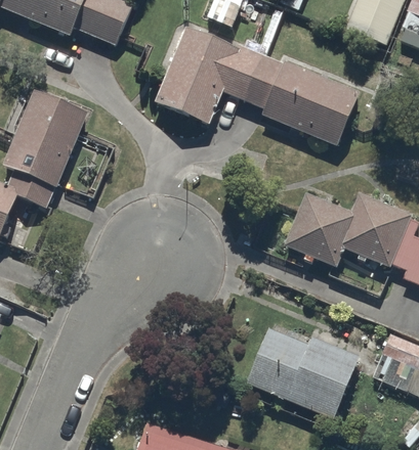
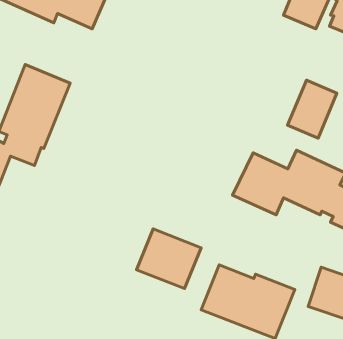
building: [154,20,360,147] -> none
building: none -> [288,80,337,138]
building: none -> [137,229,201,289]

